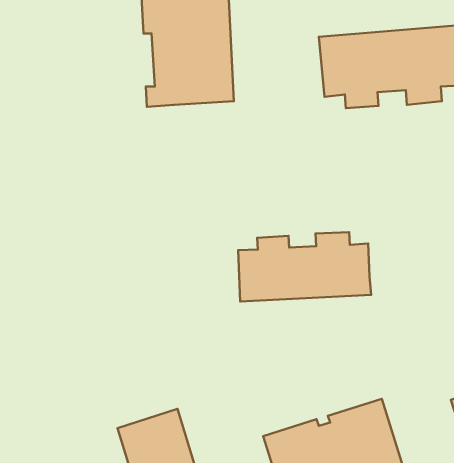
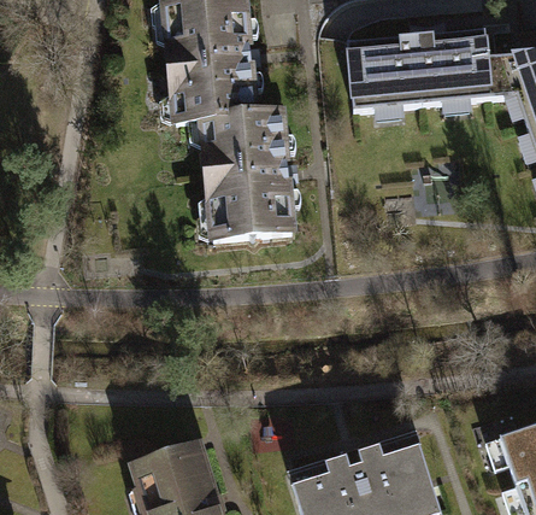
building: none -> [192,112,295,239]
building: [238,232,371,301] -> none

